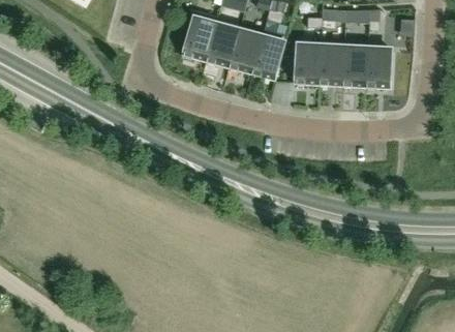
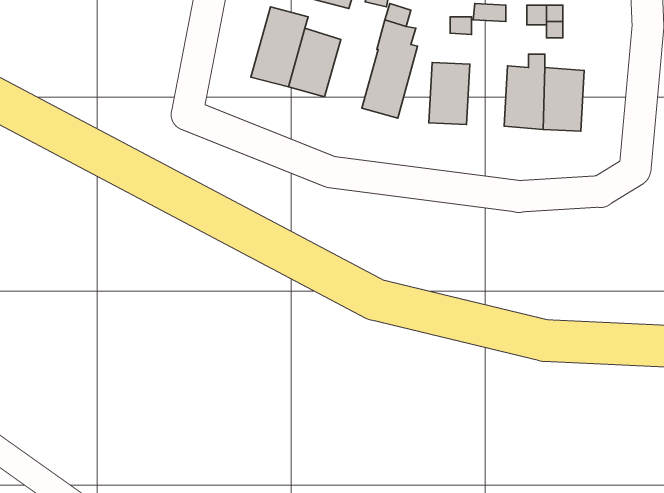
building: [228,30,262,73] -> none
building: [317,37,344,85] -> none

